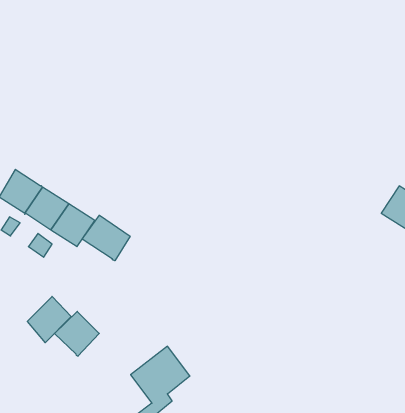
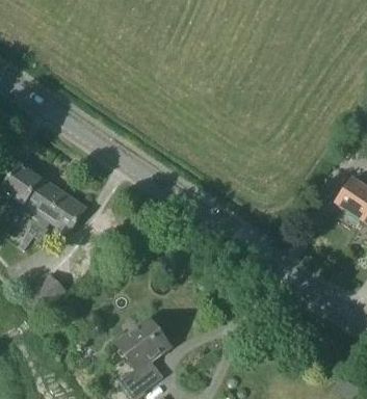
building: [82,215,130,261] -> none
building: [54,311,99,356] -> none

